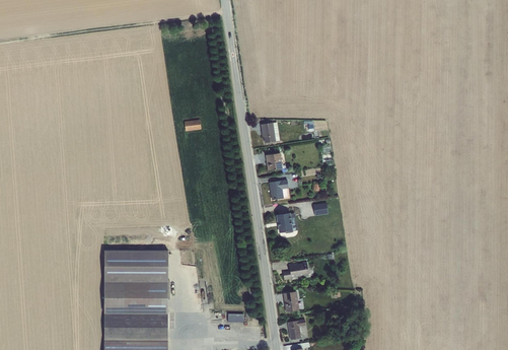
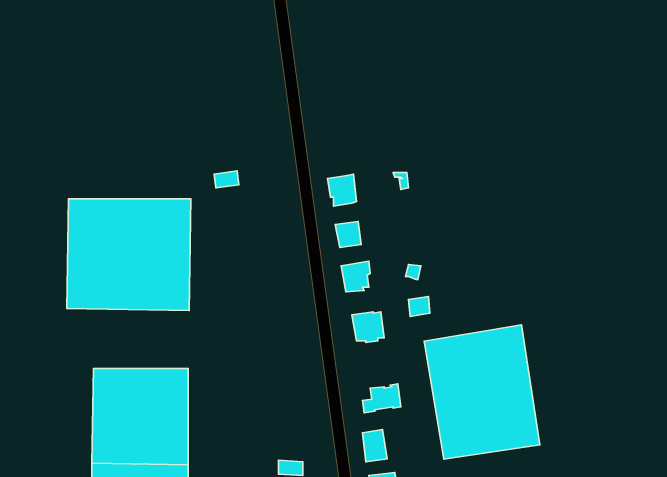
building: none -> [67,199,191,310]
building: none -> [424,325,540,459]

